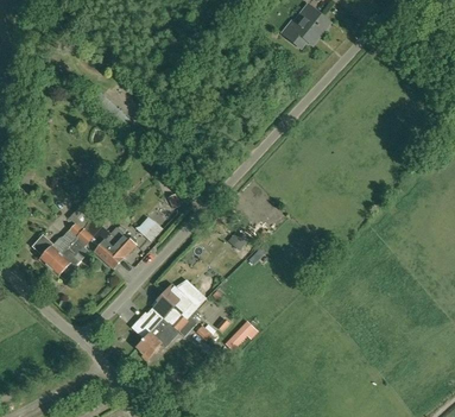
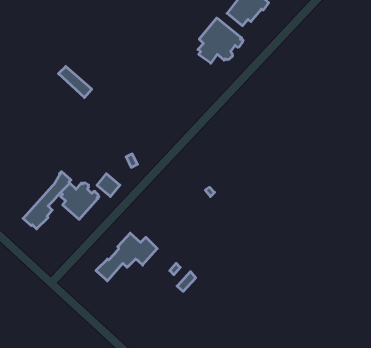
building: none -> [198,18,243,63]
building: [32,206,93,267] -> none
building: [137,314,197,358] -> none

